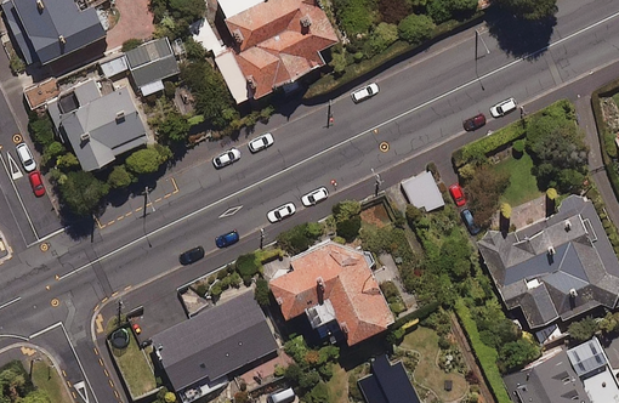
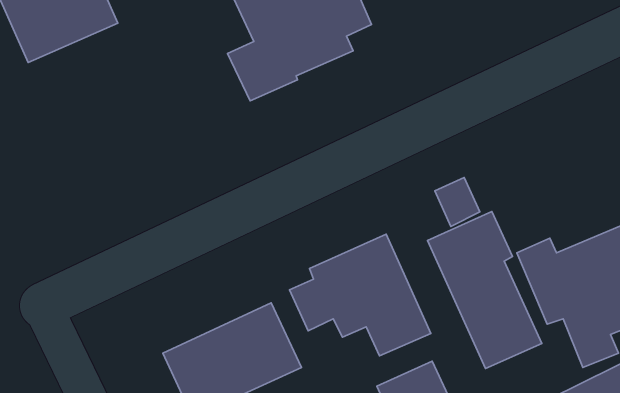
building: [15,36,181,170] -> none
building: none -> [428,212,542,368]

